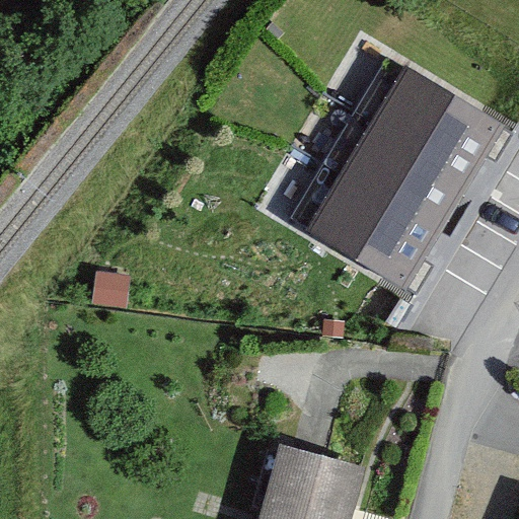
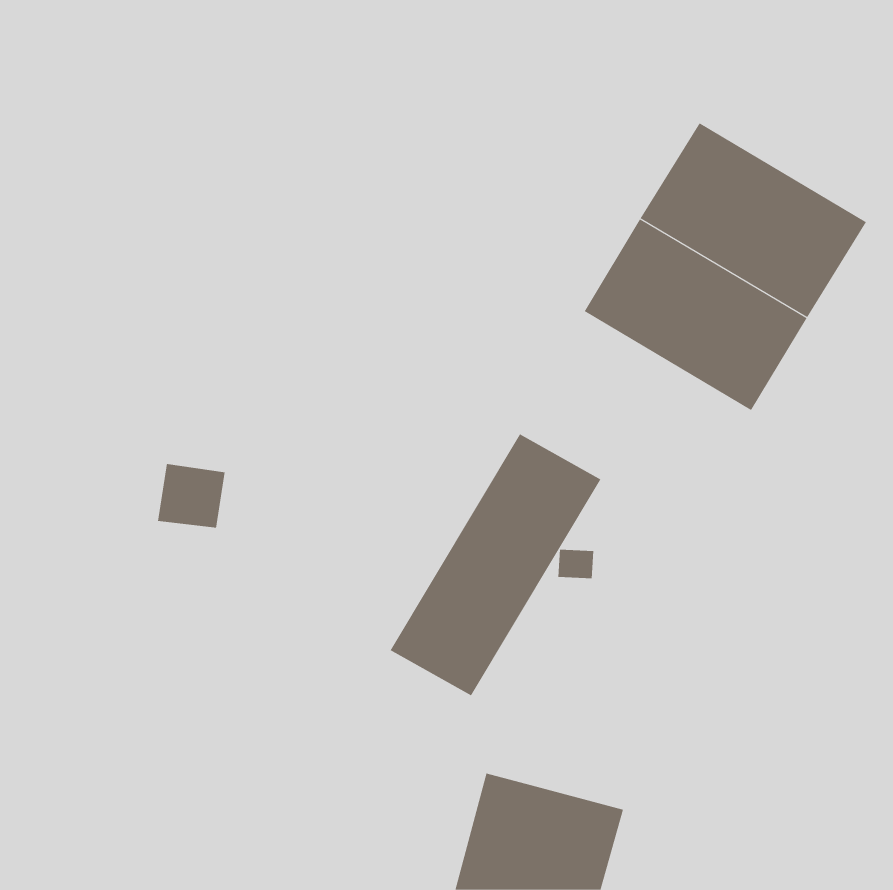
building: [308,180,436,290] -> none
building: none -> [390,433,601,696]

